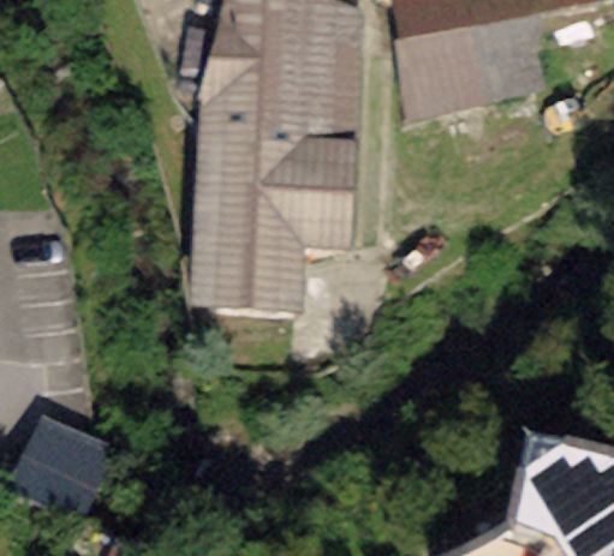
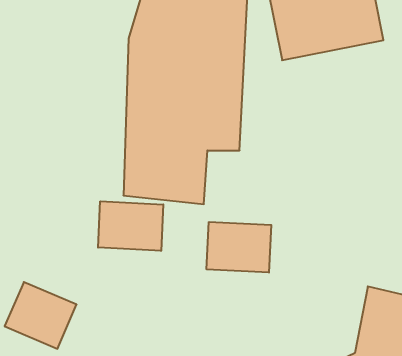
building: none -> [98,201,163,251]
building: none -> [207,222,271,273]

